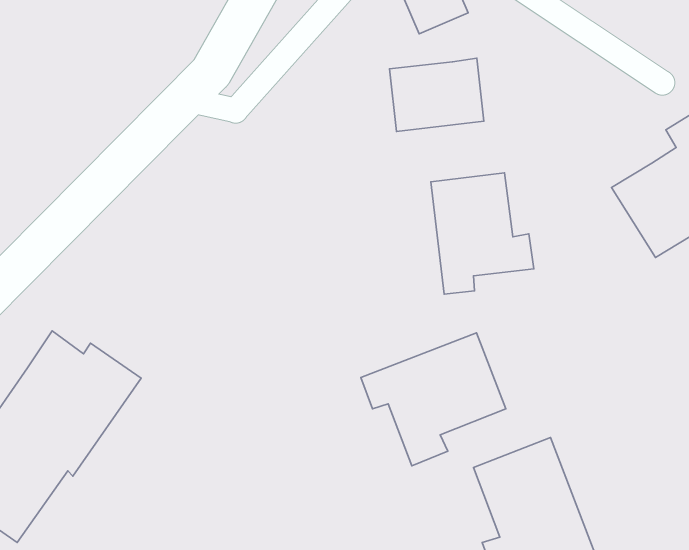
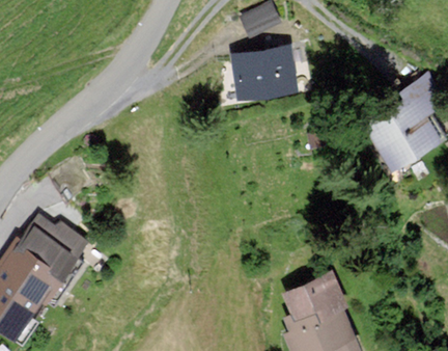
building: [431,173,534,294] -> none
building: [361,333,506,466] -> none

